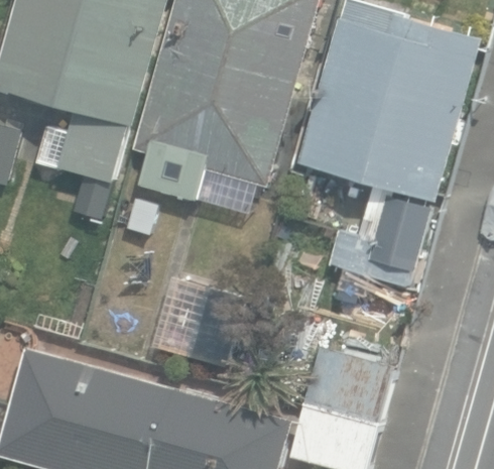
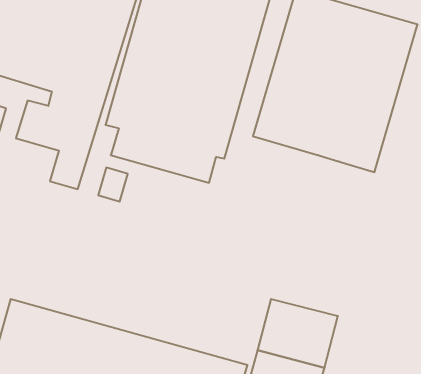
building: [326,186,431,287] -> none

